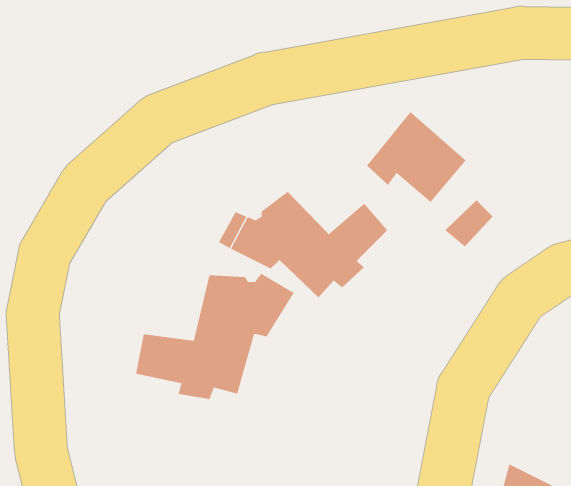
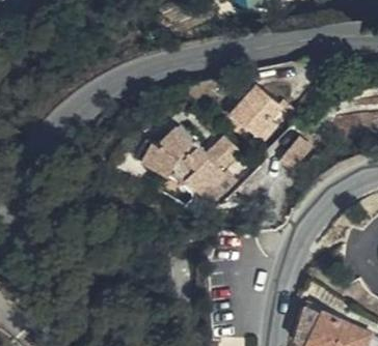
building: [136,273,294,400] -> none

